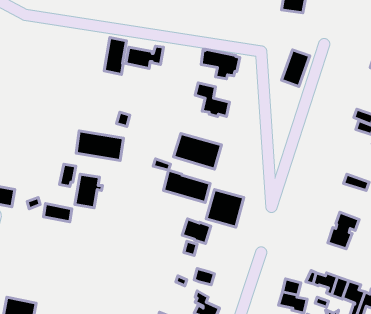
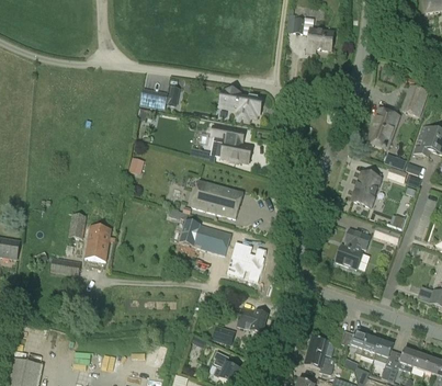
building: [104,38,127,75] -> none
building: [281,50,310,86] -> [367,109,398,148]
building: none -> [352,171,379,205]
building: [76,131,123,160] -> none
building: [328,212,359,249] -> [336,228,370,268]
building: [182,219,211,243] -> [237,306,268,332]

